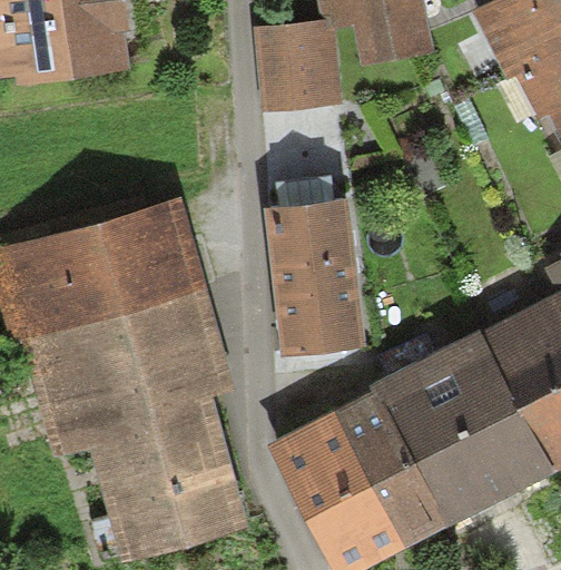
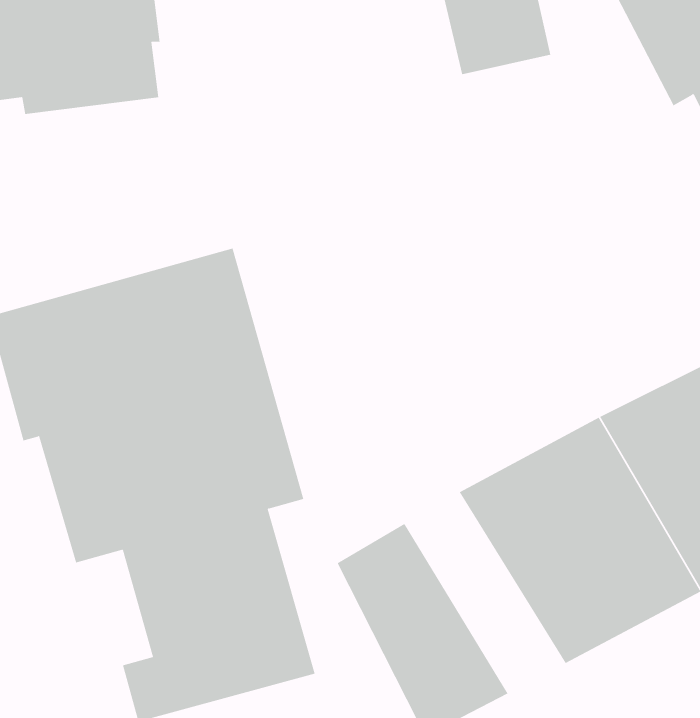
building: [256,17,346,117] -> none
building: [267,193,368,352] -> none
building: [318,390,444,548] -> none

